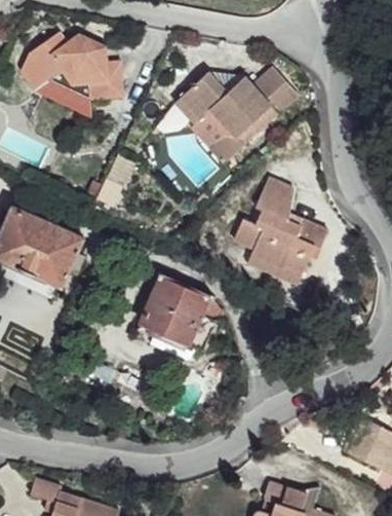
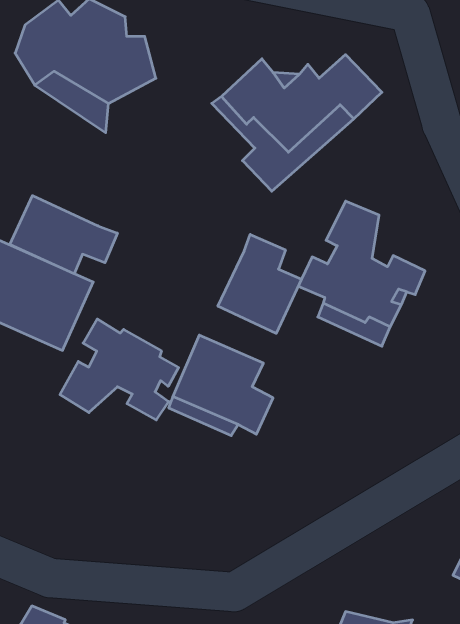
building: none -> [10,196,117,274]
building: none -> [218,234,302,333]
building: none -> [60,319,179,420]

